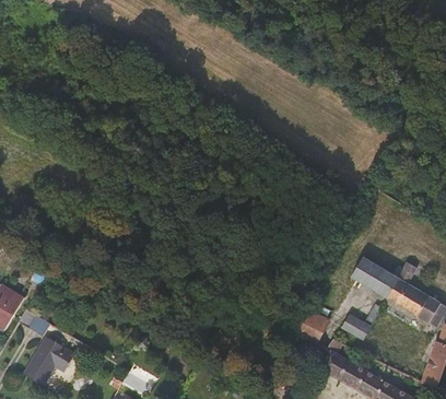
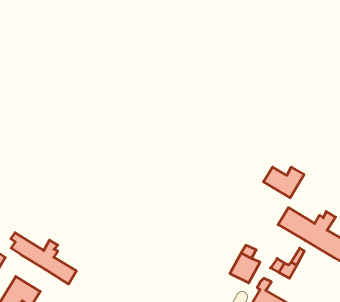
building: none -> [263,167,304,198]
building: none -> [11,233,76,284]

